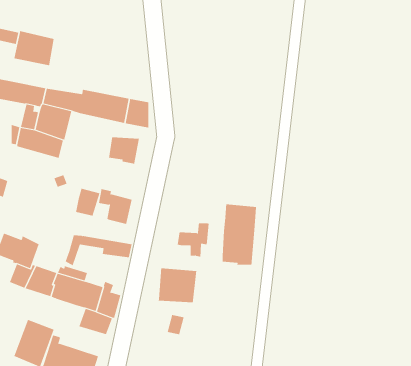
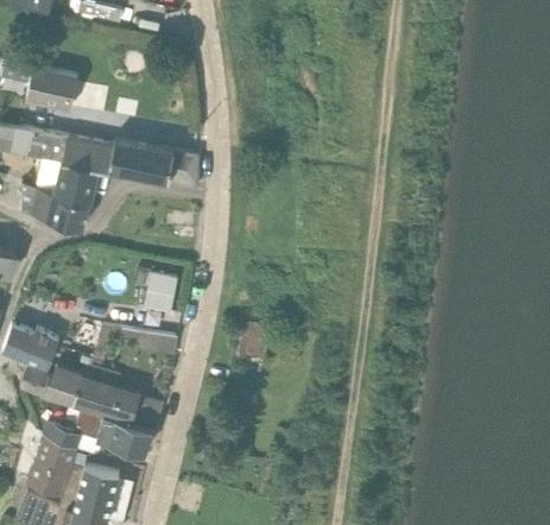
building: [108,137,139,164] -> none
building: [75,188,100,216] -> none
building: [222,204,257,266] -> none
building: [158,268,197,303] -> none
building: none -> [44,407,118,447]

